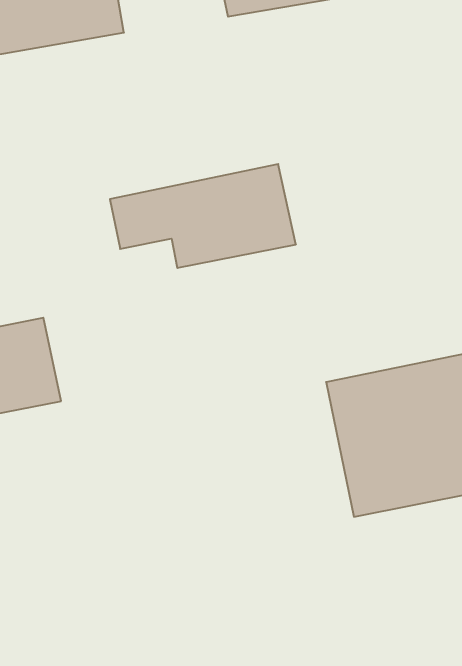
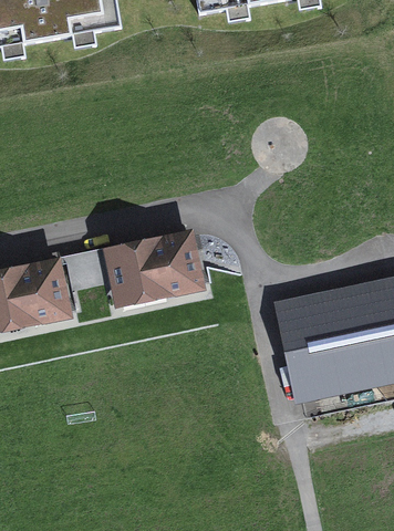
building: [110,164,296,268] -> [65,227,206,305]

